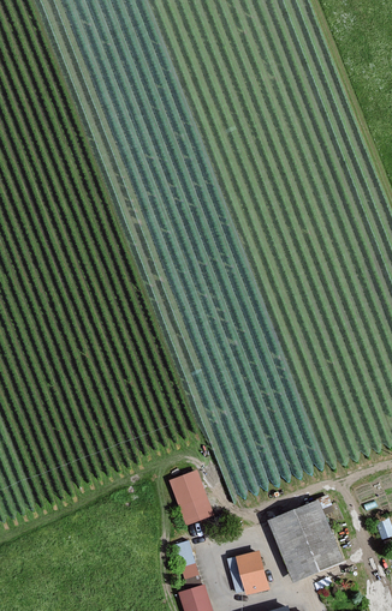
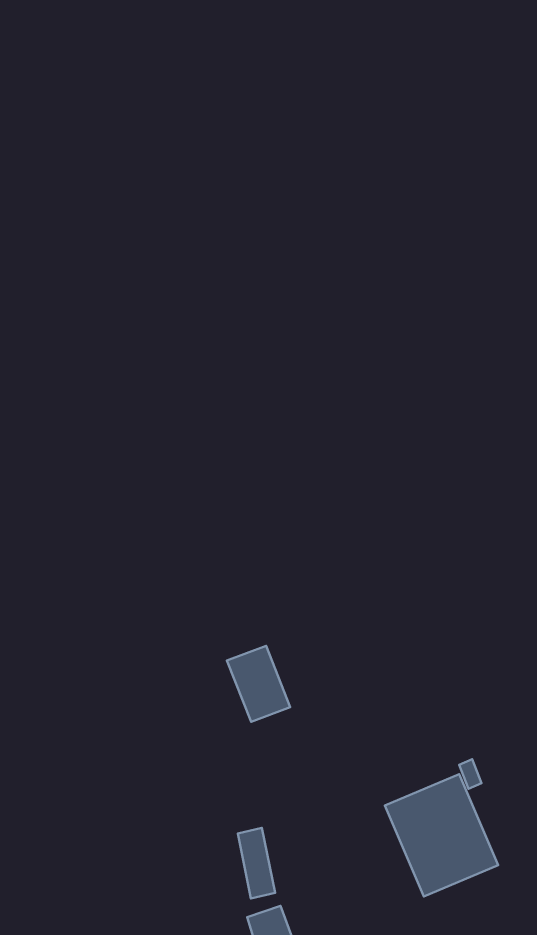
building: [170,473,210,522] -> [227,646,290,722]
building: [239,551,268,591] -> none

